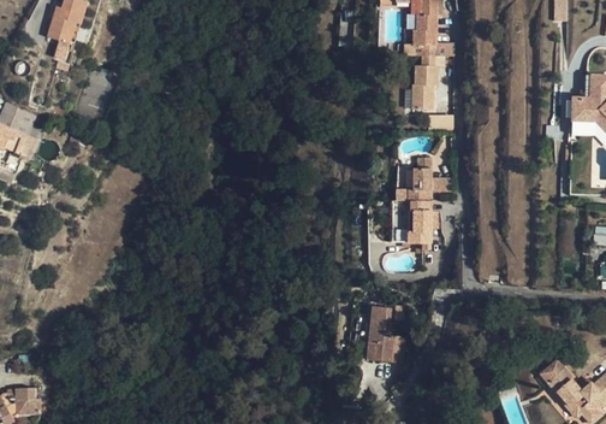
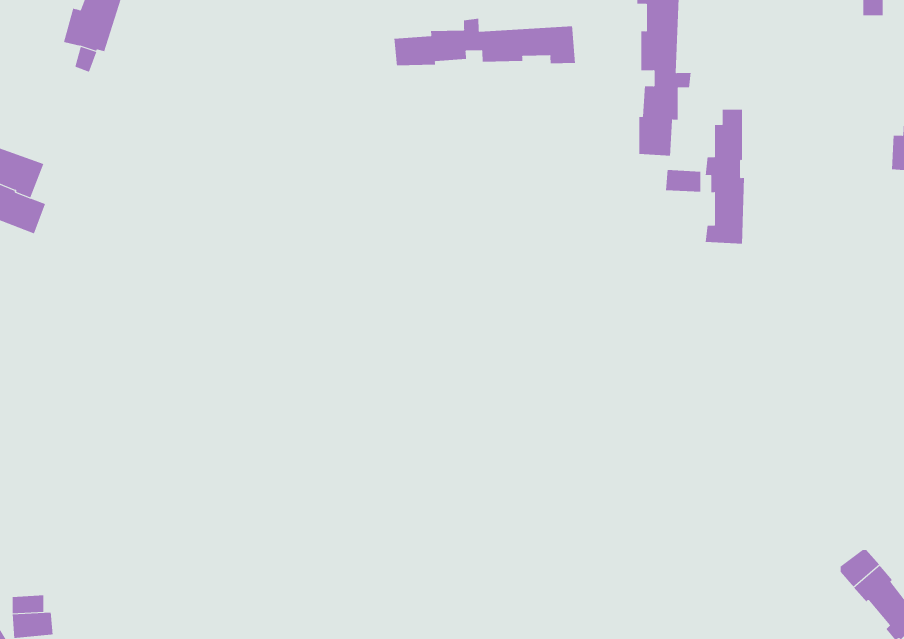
building: none -> [394,18,575,66]
building: [406,158,432,243] -> [705,109,745,244]
building: [367,313,393,363] -> none

